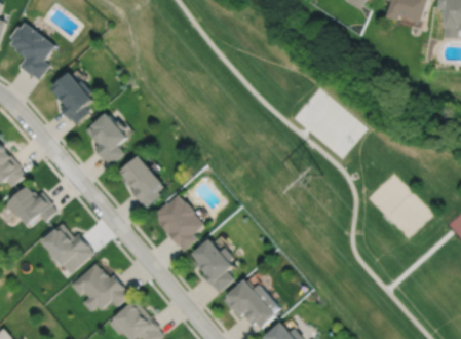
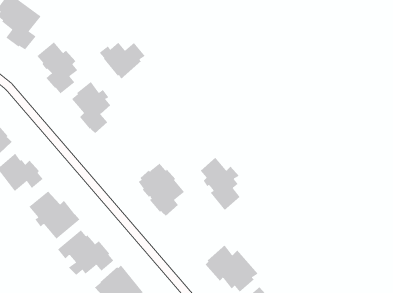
building: none -> [99,42,146,79]
building: [118,154,161,206] -> none
building: [191,237,233,293] -> [200,157,241,211]

